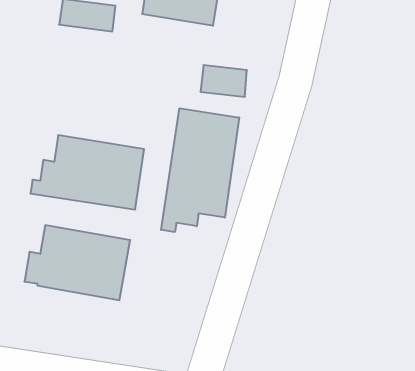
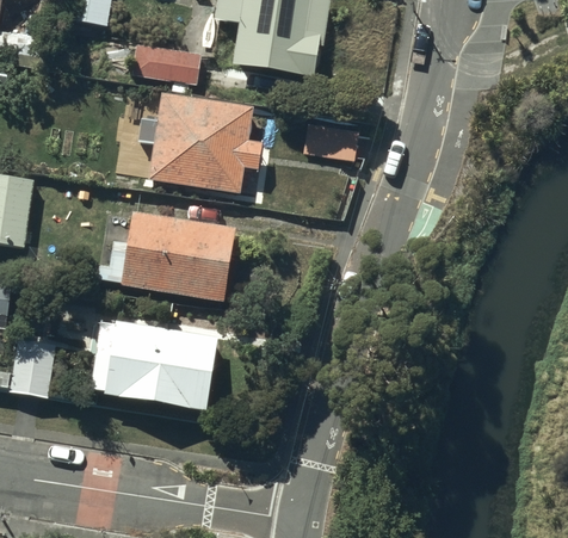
building: none -> [137,93,261,192]
building: [161,108,239,232] -> none

